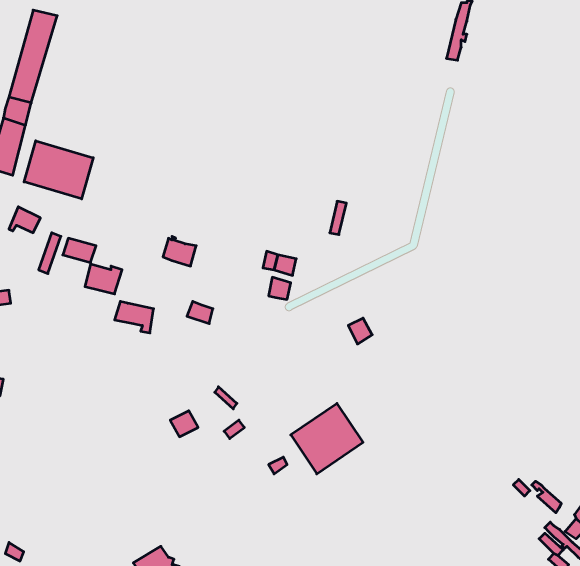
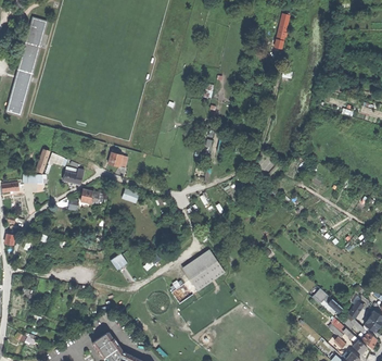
building: [24,141,93,199] -> none

